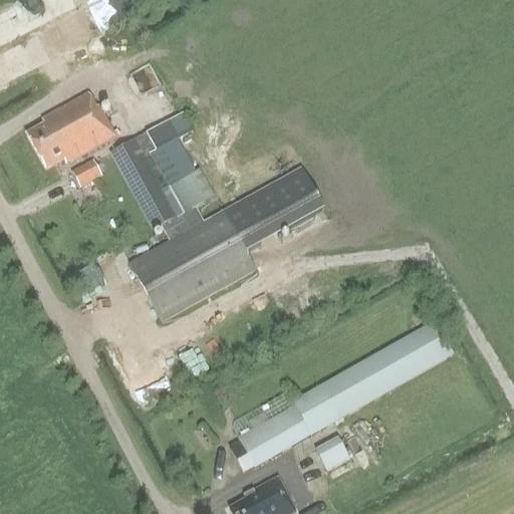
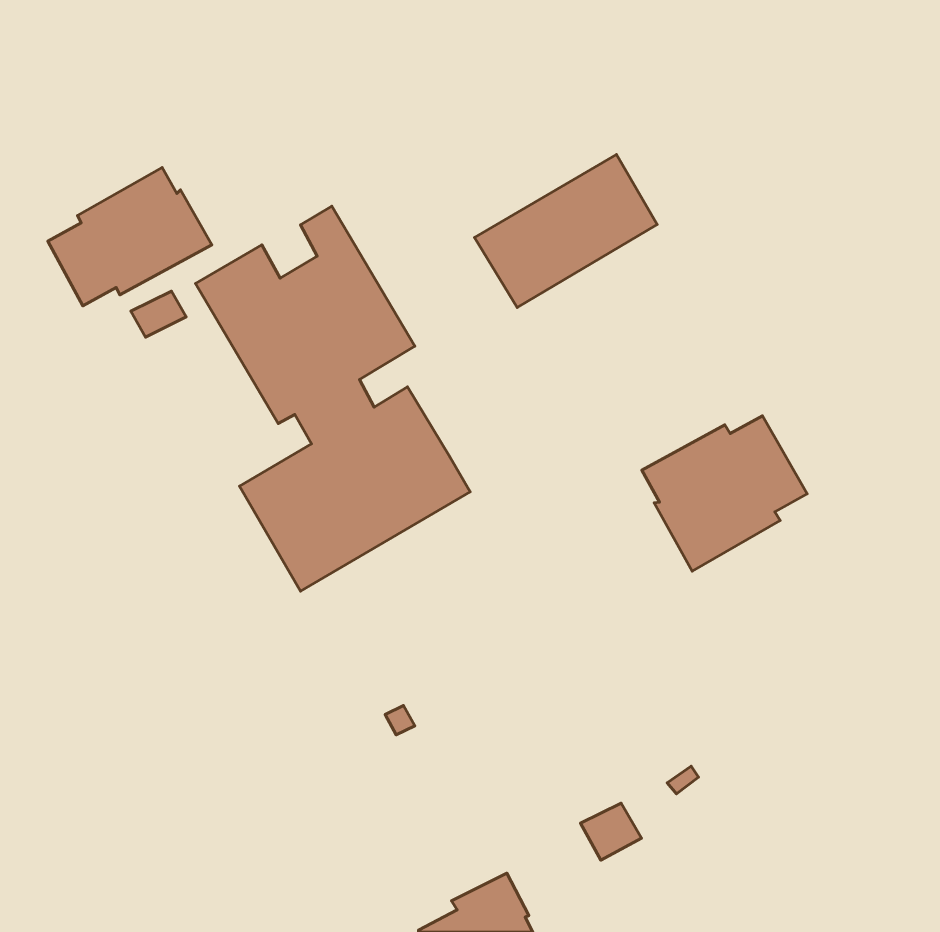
building: [222,166,321,249] -> [475,155,657,307]
building: none -> [642,416,807,571]
building: [238,320,452,464] -> none

